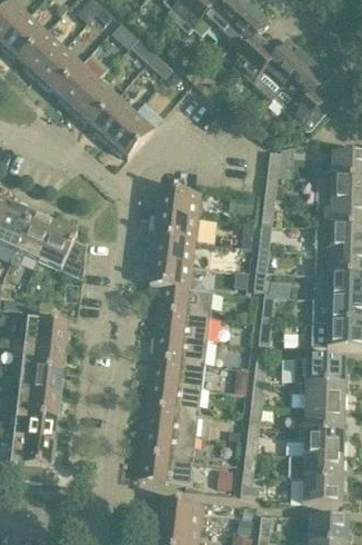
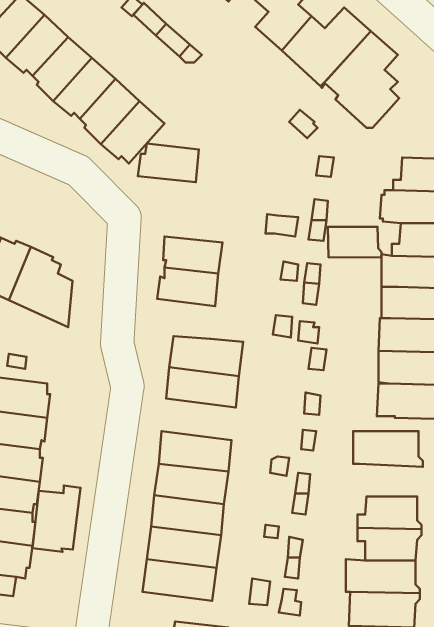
building: [154,187,200,216] -> [138,144,199,182]
building: none -> [328,227,381,257]
building: [148,258,192,288] -> none
building: [152,333,208,364] -> none
building: [300,382,348,406] -> none
building: none -> [32,485,81,552]

